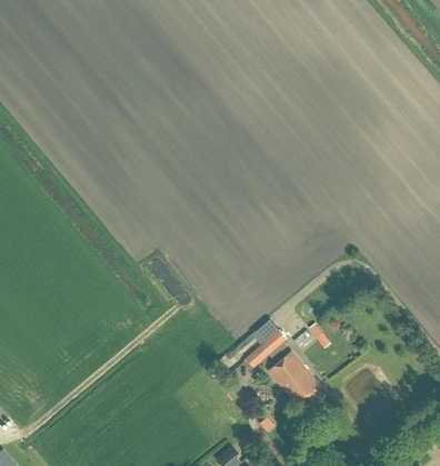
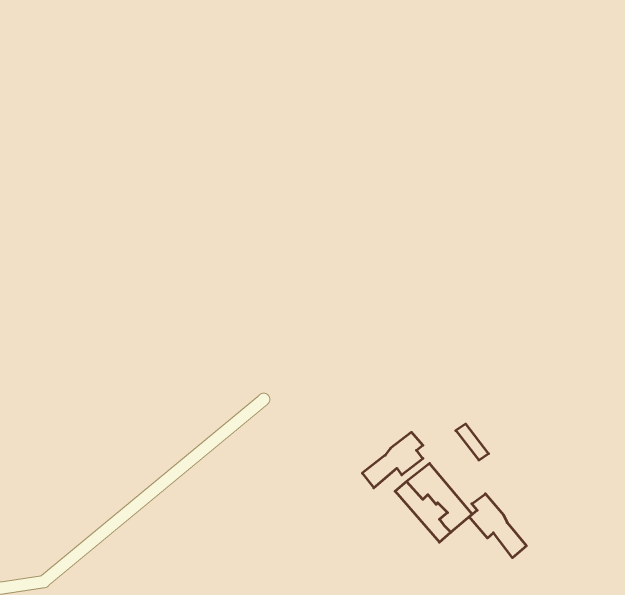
building: none -> [469,494,526,558]

